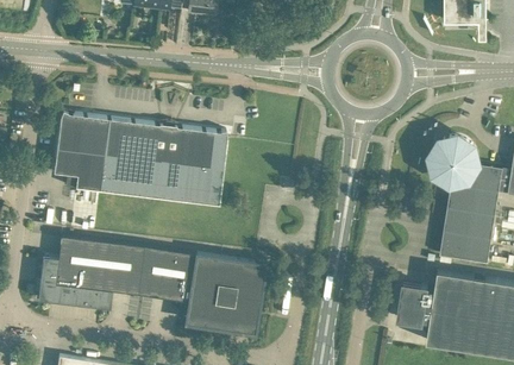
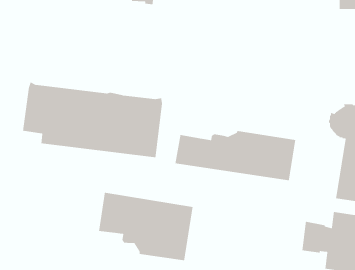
building: none -> [175,130,296,181]
building: [38,237,155,309] -> none

